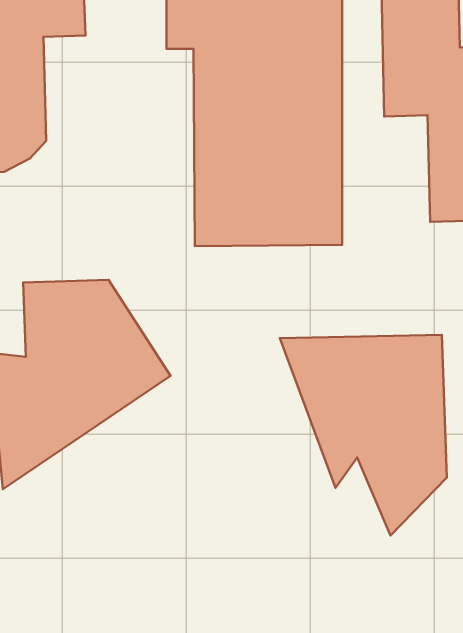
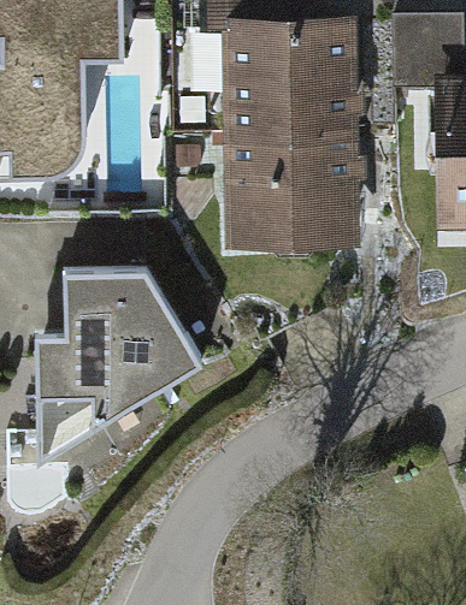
building: [280,335,447,536] -> none

